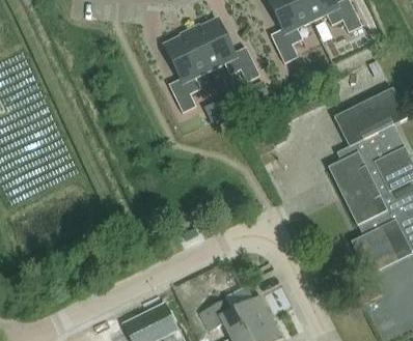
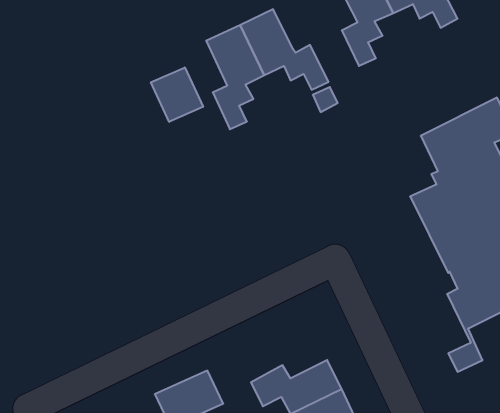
building: none -> [151,67,203,122]

